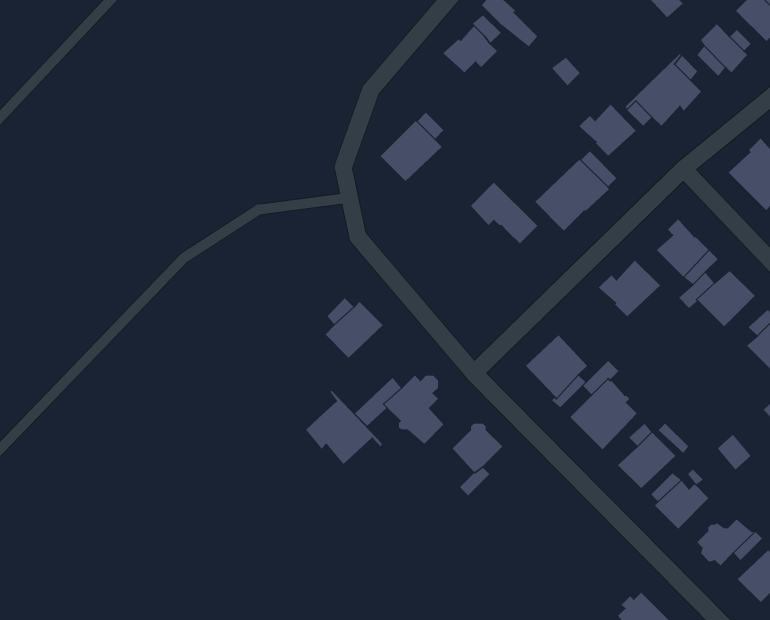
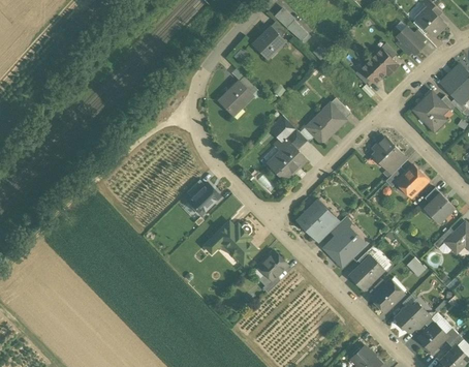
building: [579,104,637,157] -> none
building: none -> [267,144,305,181]
building: [598,260,661,317] -> none
building: [305,390,383,465] -> none

